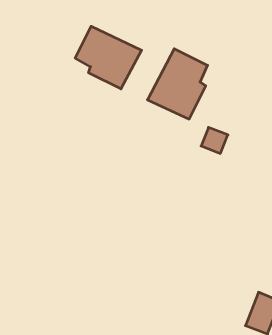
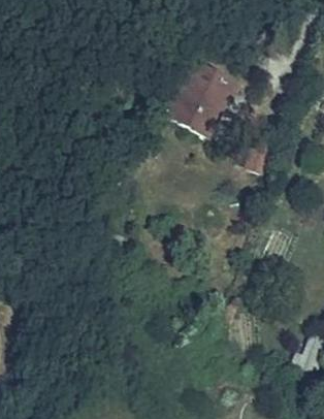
building: [75,26,142,89] -> none

